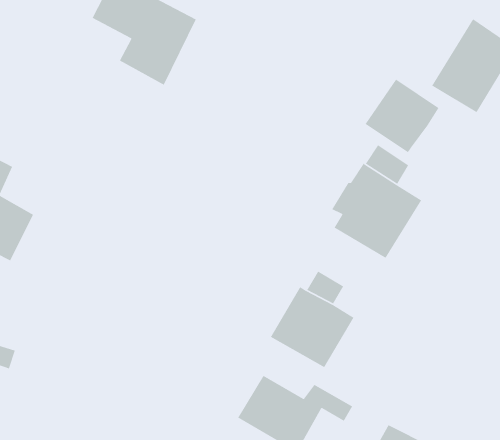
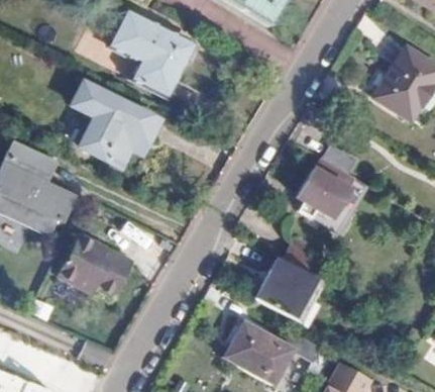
building: none -> [75,84,159,168]
building: [364,78,440,153] -> none
building: none -> [60,236,133,299]

